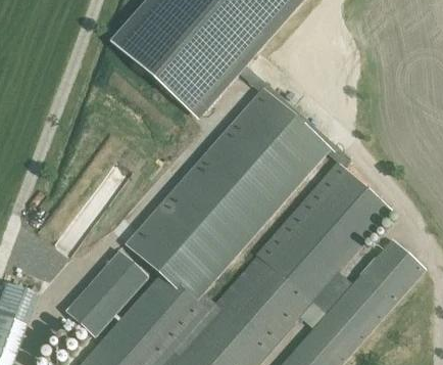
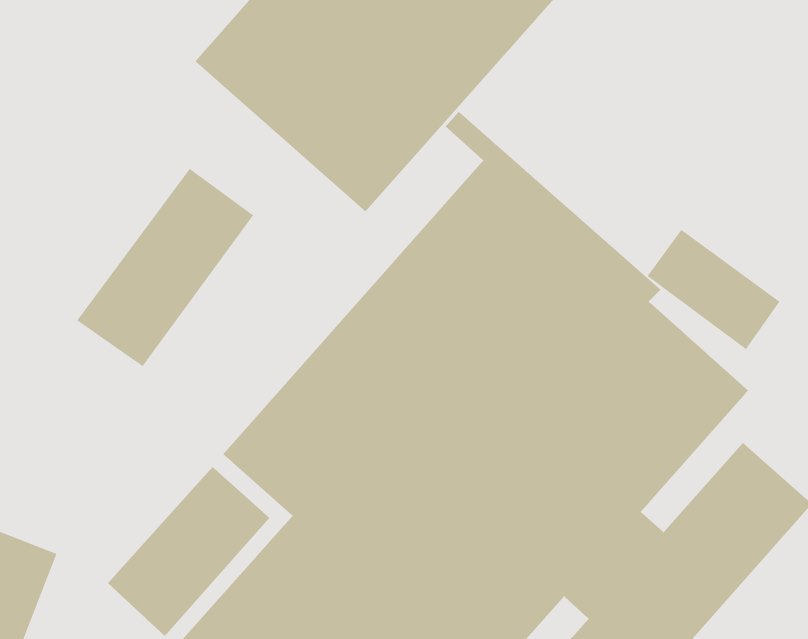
building: none -> [76,168,254,367]
building: none -> [647,229,781,350]

